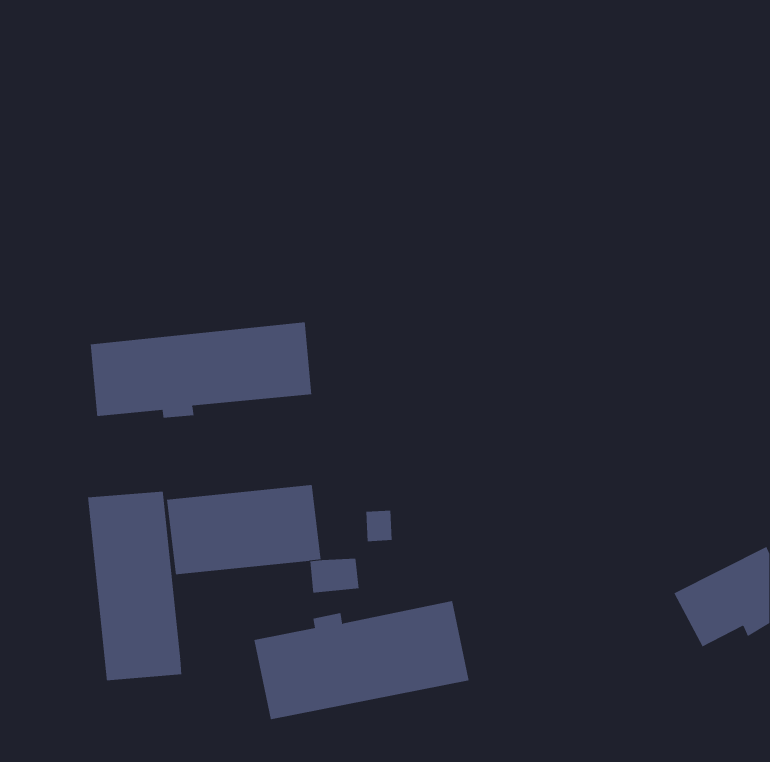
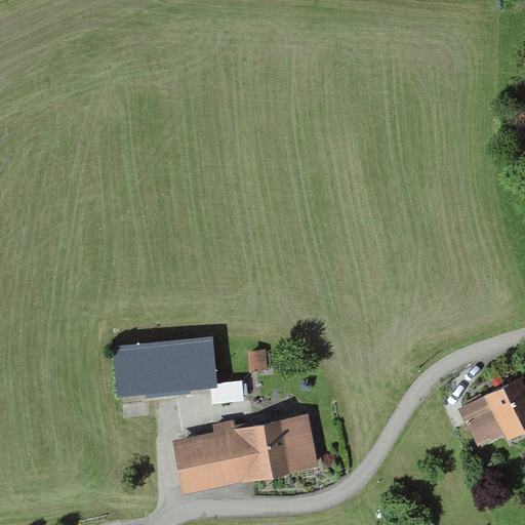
building: [90,322,312,419] -> none
building: [87,491,182,681] -> none

